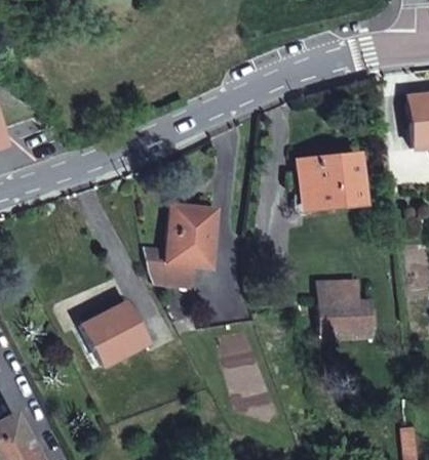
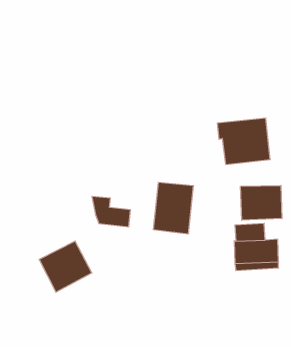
building: [167,204,217,266] -> [153,182,194,234]
building: none -> [241,185,282,220]

